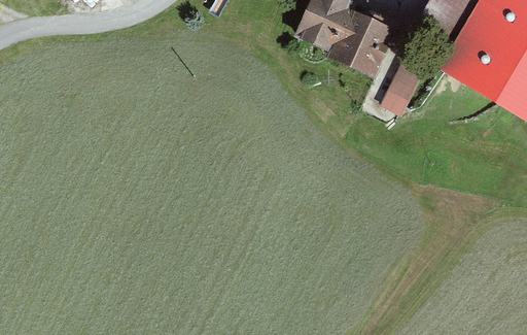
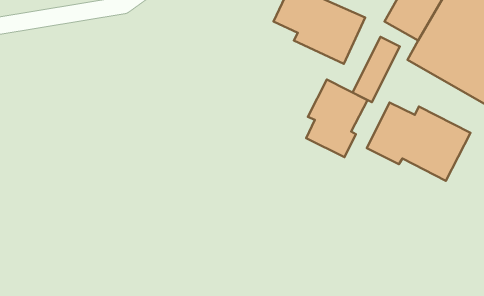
building: none -> [306,80,367,157]
building: none -> [367,103,471,181]

